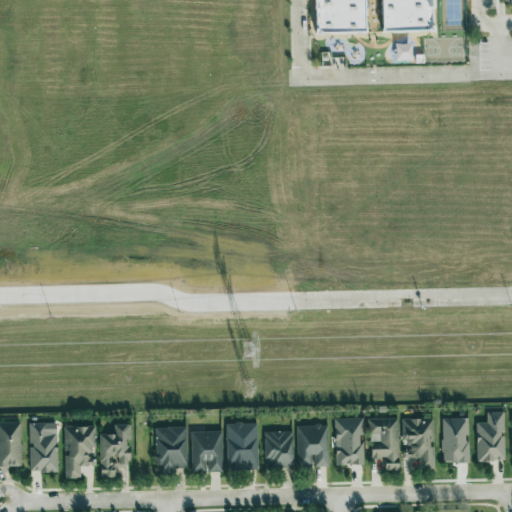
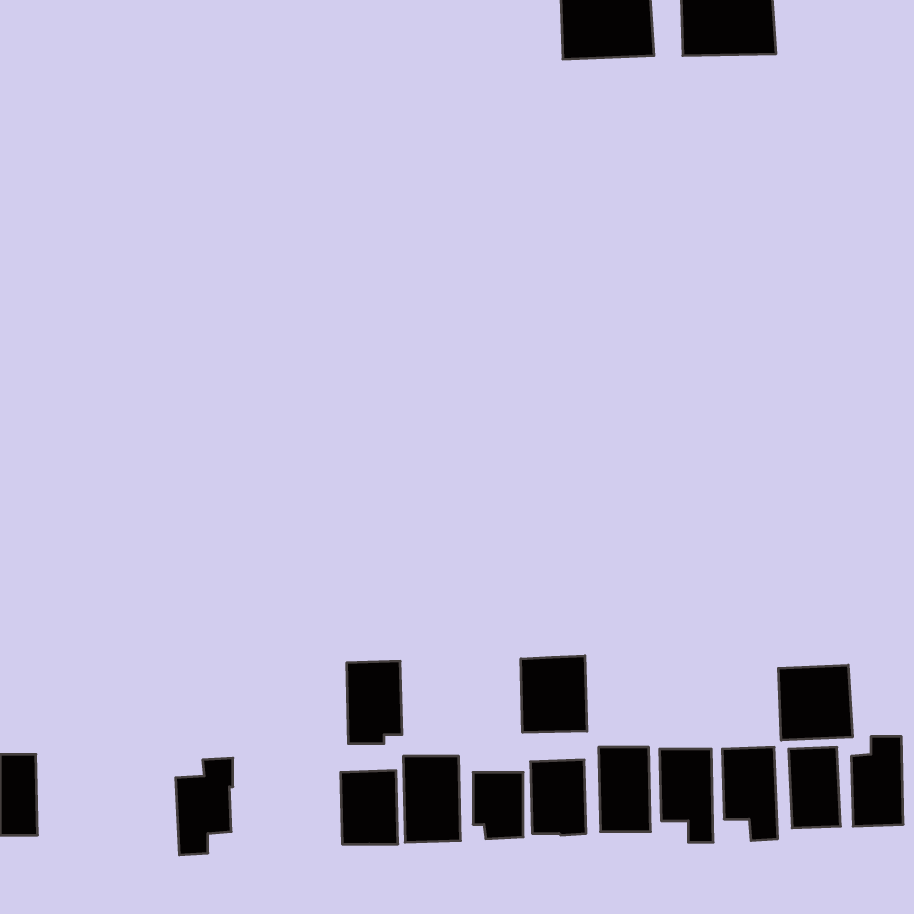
building: none -> [521,656,587,732]
building: none -> [778,665,852,740]
building: [29,422,58,471] -> none
building: [64,425,96,477] -> none
building: [156,426,187,472] -> [347,661,402,744]

